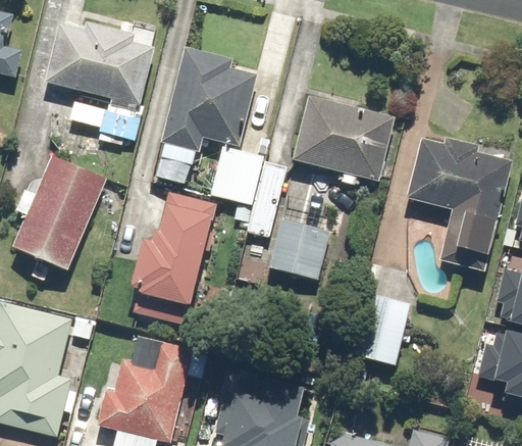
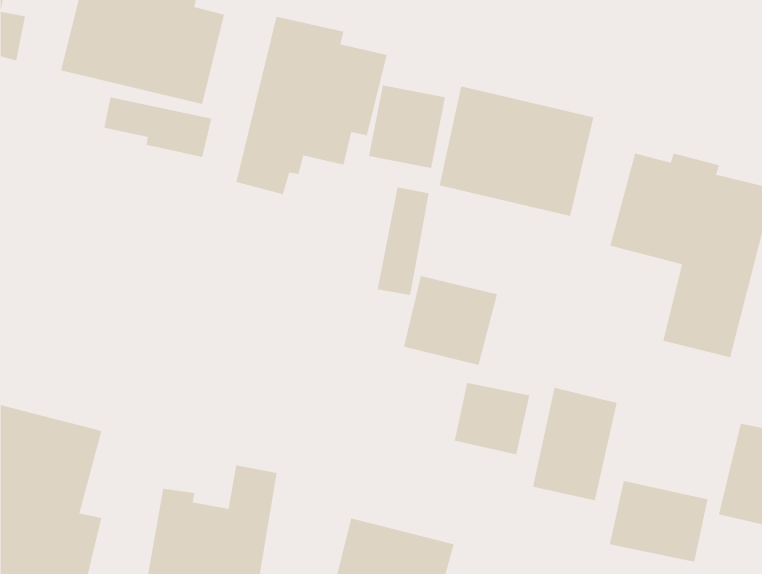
building: [212,149,263,204] -> [368,85,446,169]
building: [11,157,107,274] -> none
building: [125,193,216,310] -> none
building: none -> [454,382,530,455]
building: none -> [609,480,708,562]

